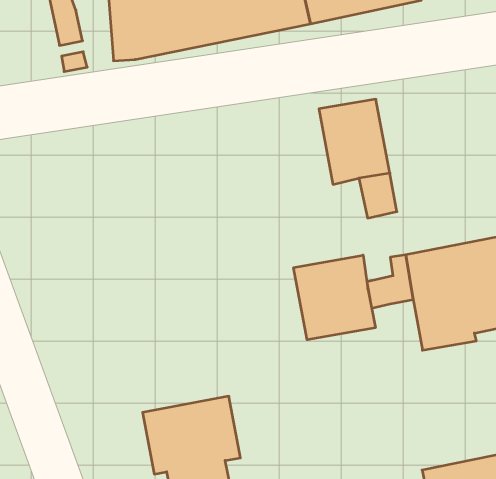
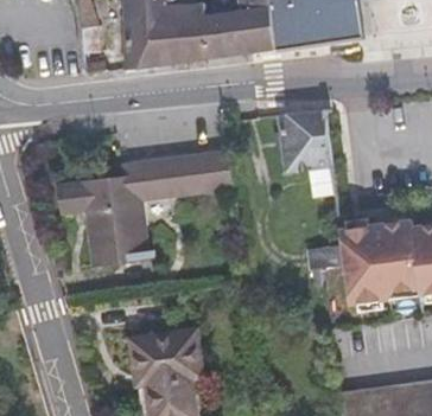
building: none -> [61,151,235,264]
building: [294,255,375,340] -> none

